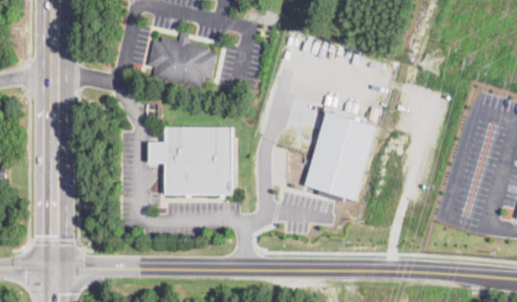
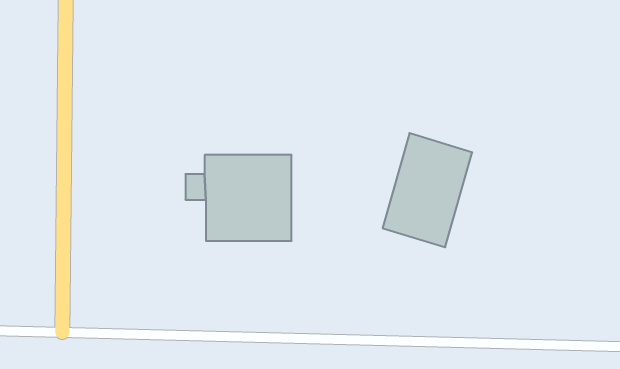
building: [147,33,216,88] -> none

